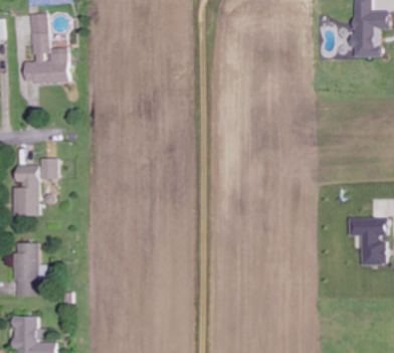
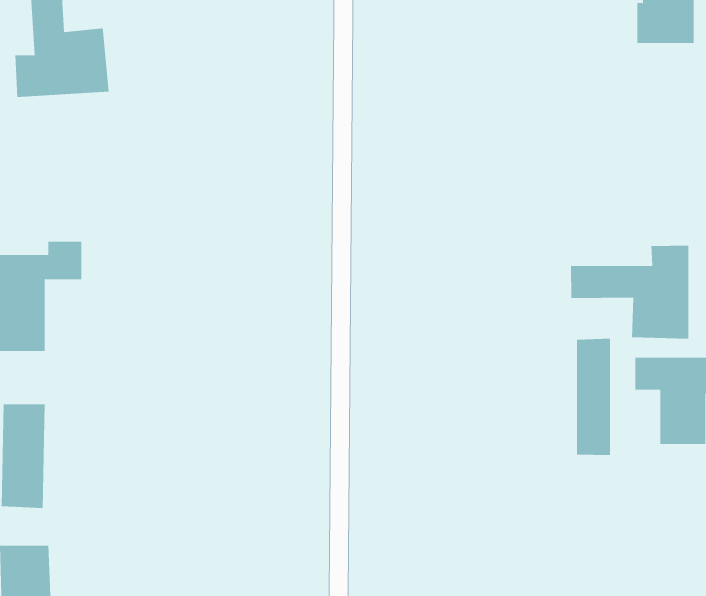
building: none -> [571,245,689,340]
building: none -> [577,338,611,456]

